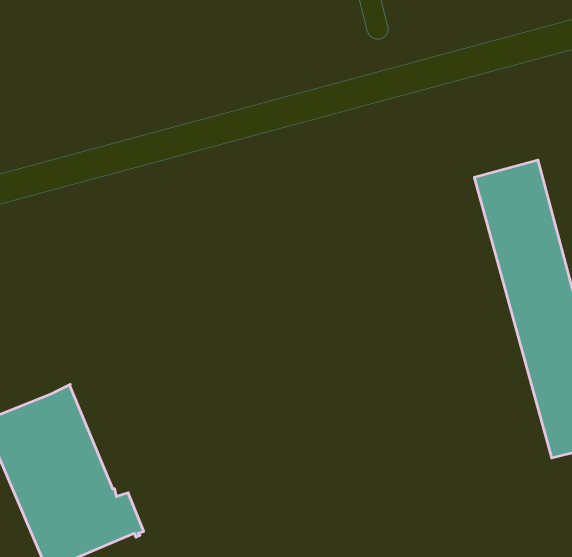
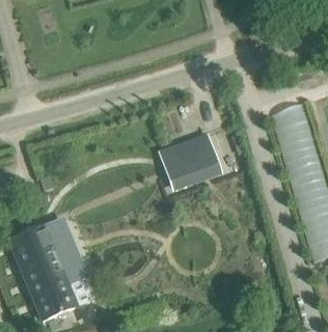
building: none -> [159,134,218,186]

